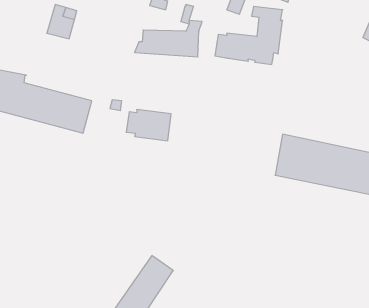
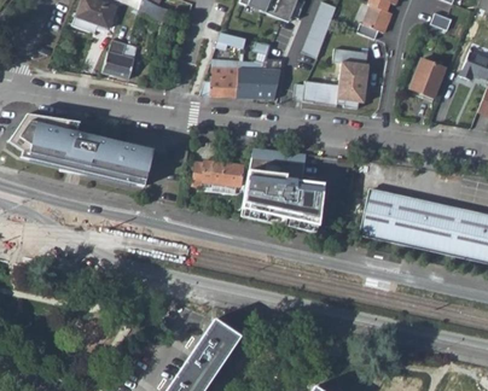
building: none -> [409,60,446,103]
building: none -> [240,147,323,232]

